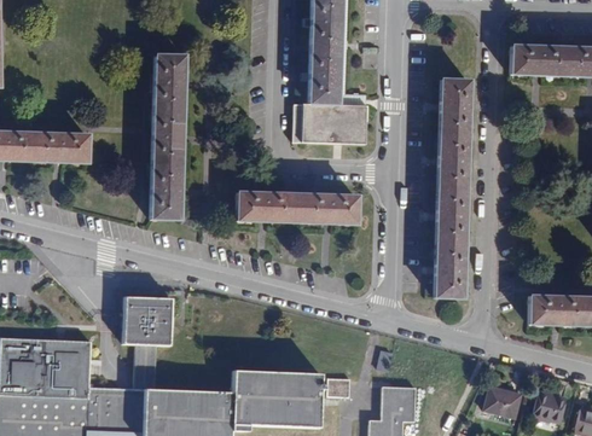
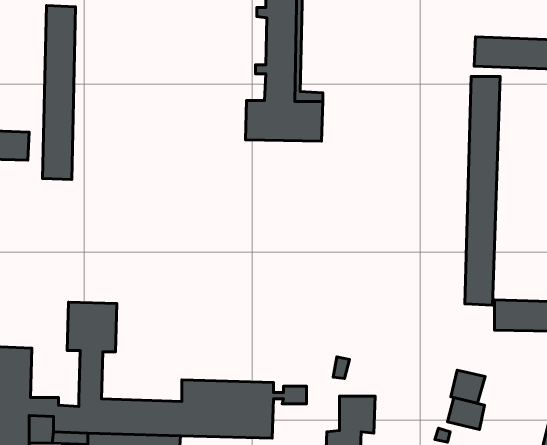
building: [152,54,184,220] -> [43,6,76,180]
building: [435,80,469,297] -> [465,76,500,305]
building: [237,192,356,222] -> none
building: [534,391,567,423] -> [451,370,485,403]

